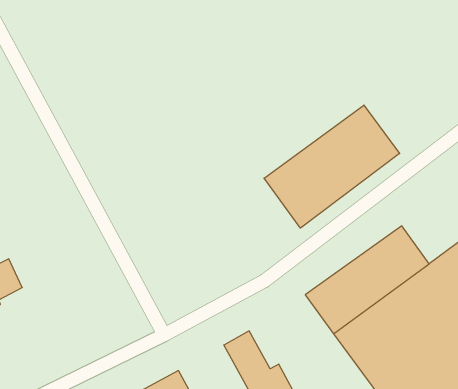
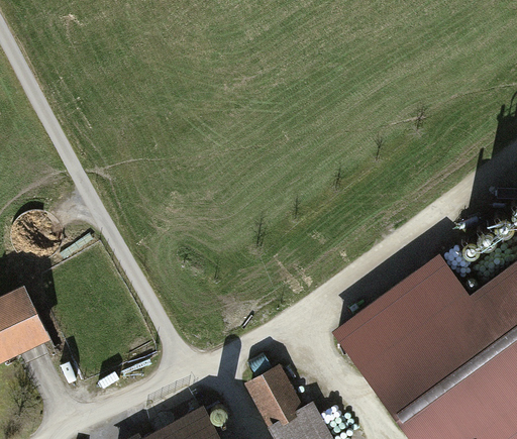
building: [264,105,400,228] -> none

